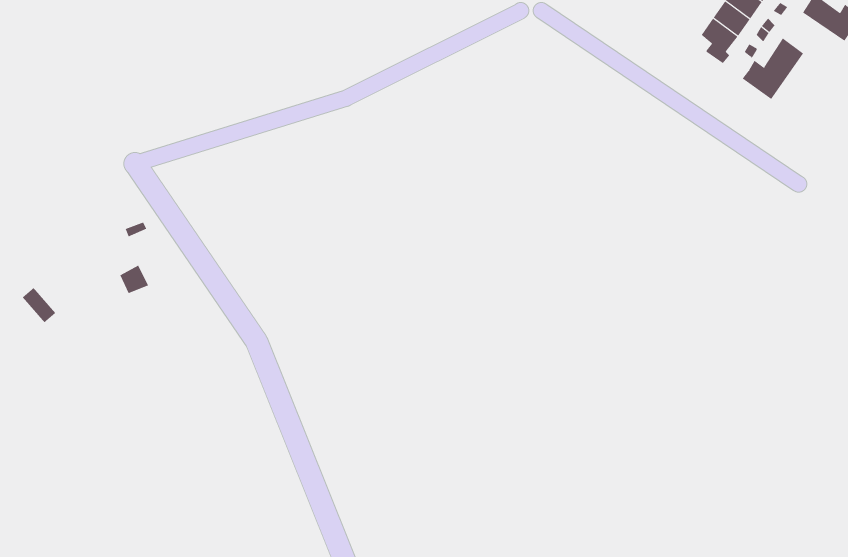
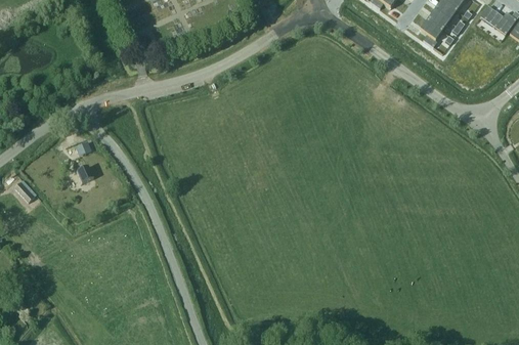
building: [742,37,804,100] -> none

